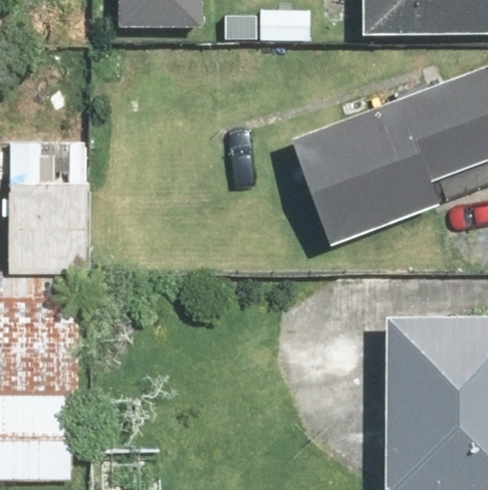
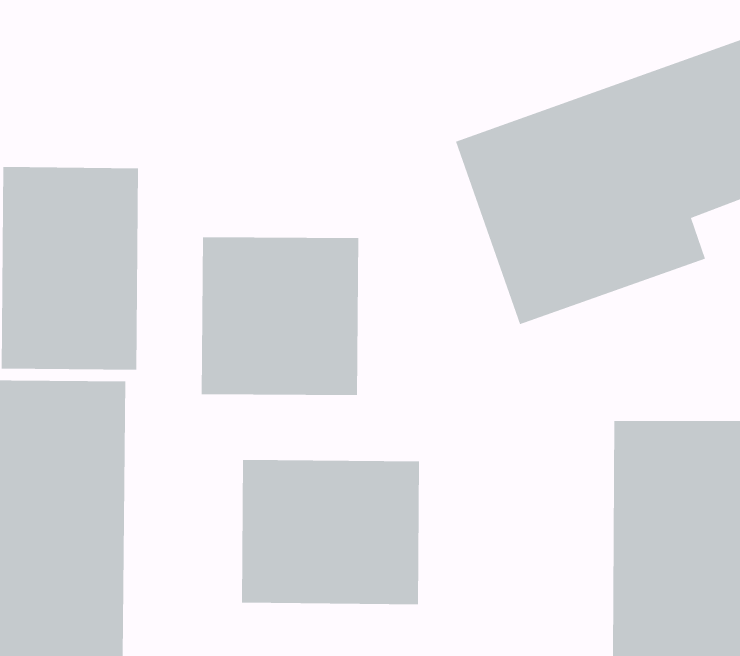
building: none -> [201,237,359,396]
building: none -> [242,459,420,605]

